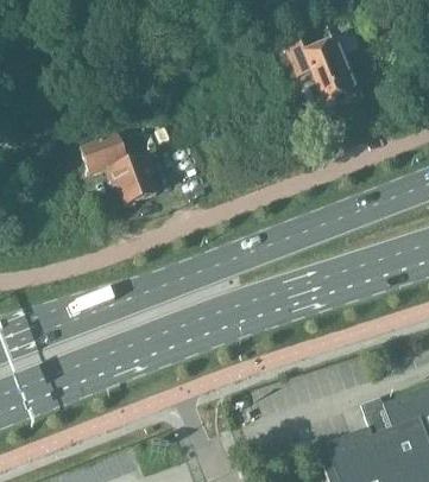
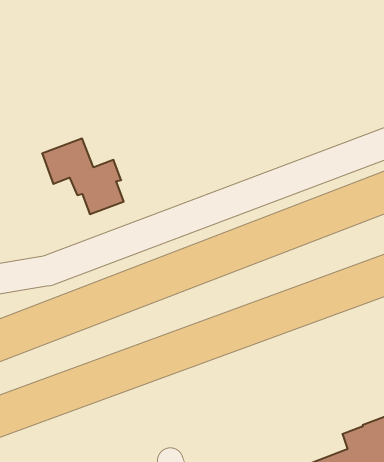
building: [285,38,358,107] -> none

